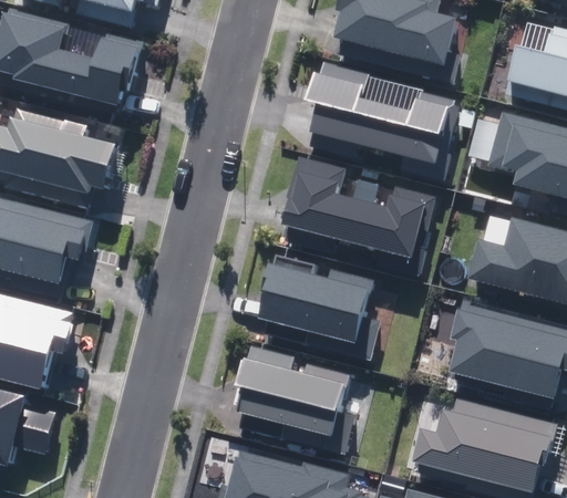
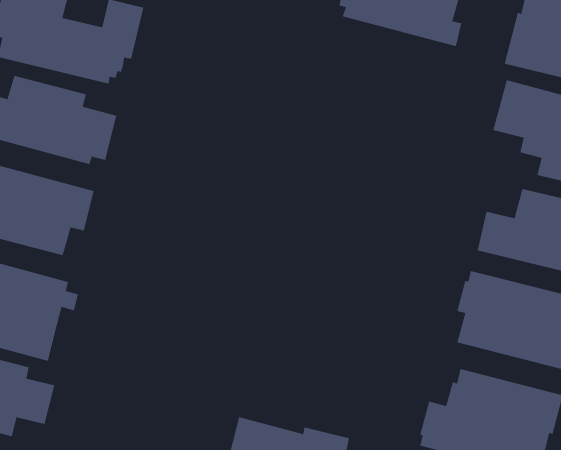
building: [310,61,454,178] -> none
building: [278,155,434,273] -> none
building: [256,248,375,352] -> none
building: [234,341,351,448] -> none

